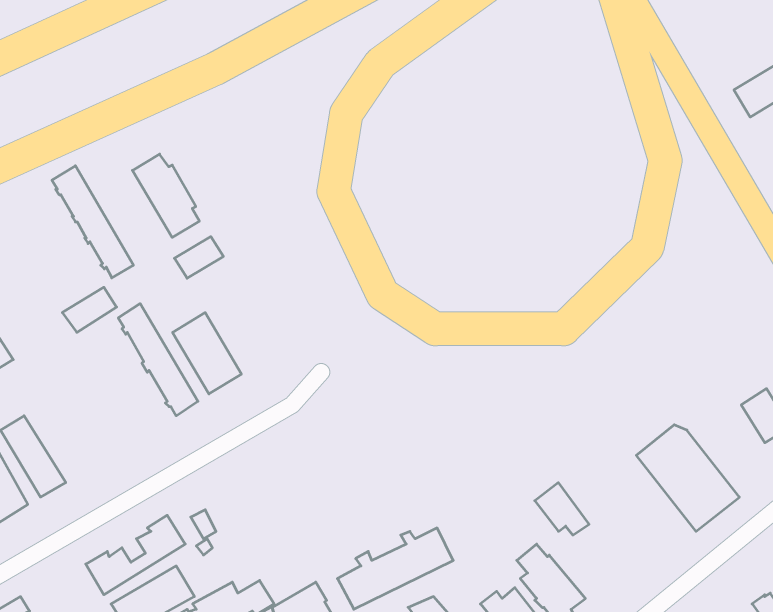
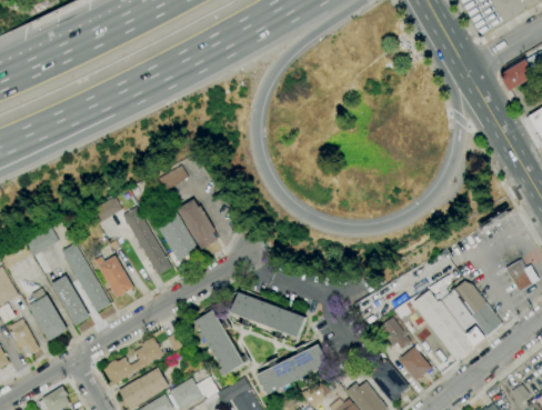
building: [132,154,199,237] -> [175,199,217,250]
building: [52,166,133,278] -> [60,243,110,312]
building: none -> [93,256,134,299]
building: none -> [412,290,476,361]
building: none -> [231,292,305,340]
building: none -> [194,311,250,377]
building: none -> [397,347,431,381]

